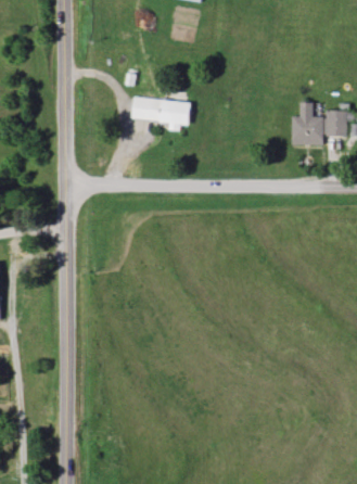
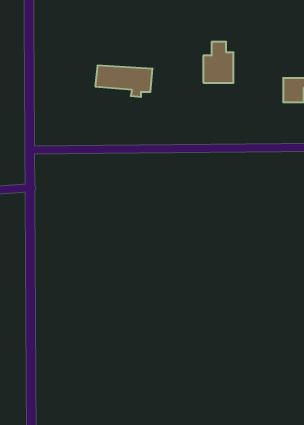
building: [292,102,323,144] -> [203,42,234,83]

